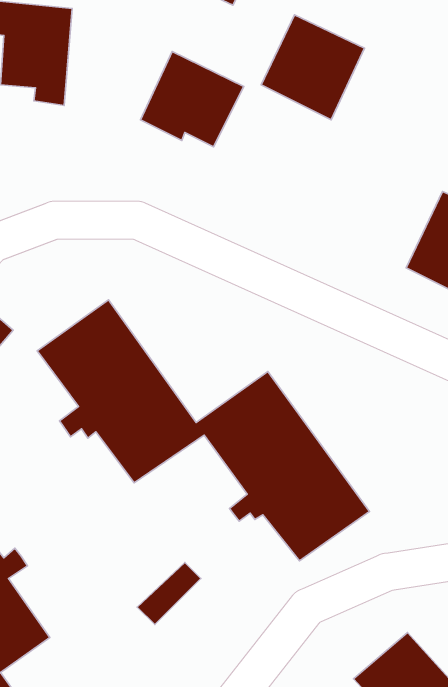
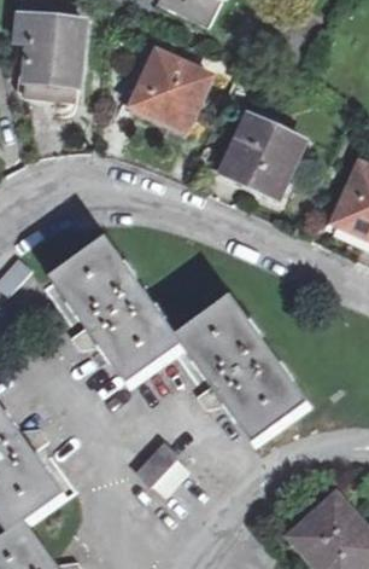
building: [261,15,364,120] -> [225,117,304,197]

